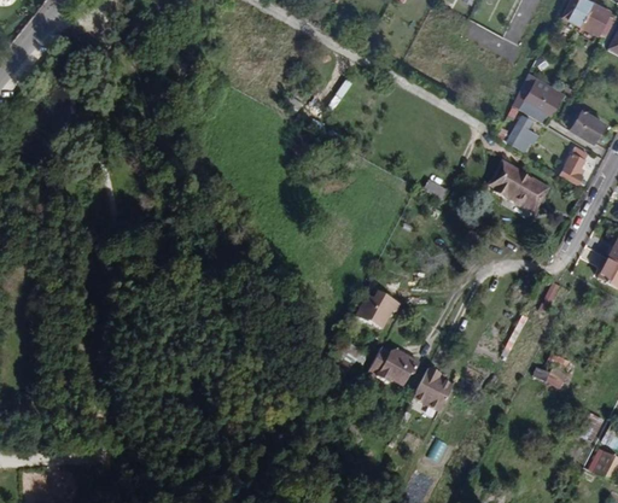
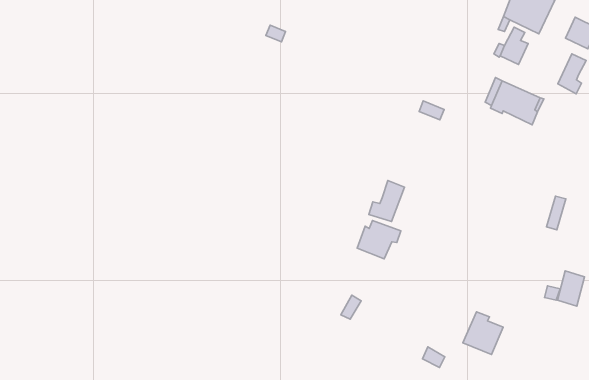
building: none -> [369,181,404,222]
building: [371,347,422,386] -> none
building: [413,367,453,409] -> [463,312,503,355]

